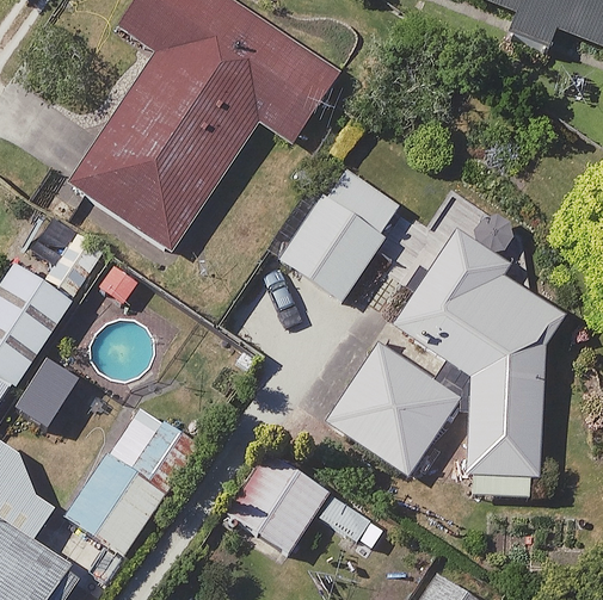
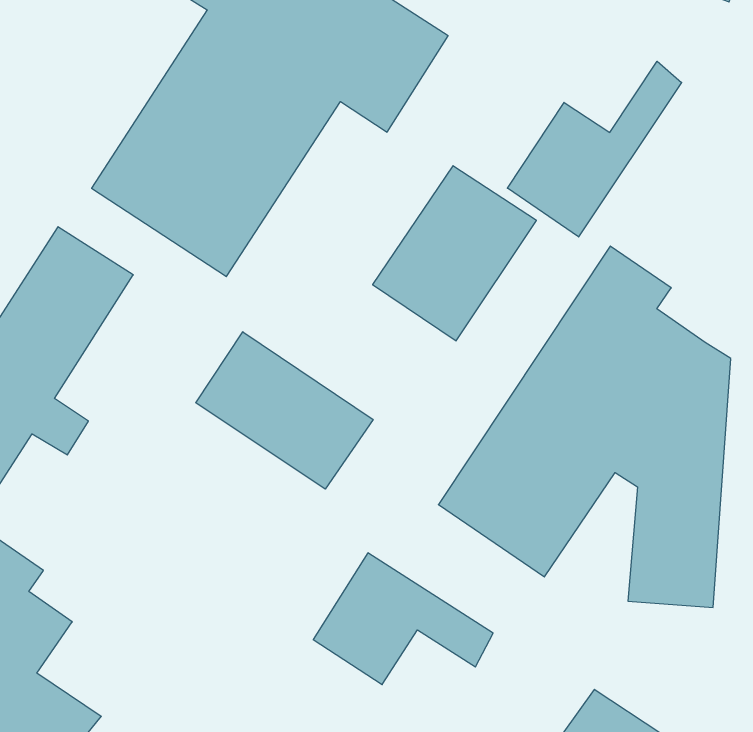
building: none -> [507,61,682,237]
building: none -> [196,332,373,489]
building: [64,403,198,552] -> none

